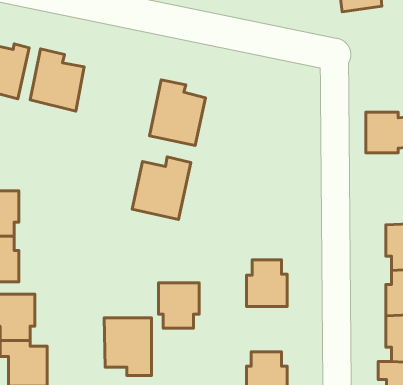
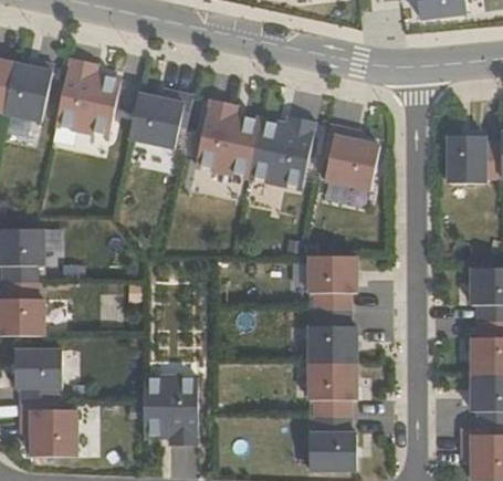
building: none -> [128,92,192,147]
building: none -> [323,126,379,191]
building: [132,157,191,219] -> [248,115,316,188]
building: none -> [307,257,355,310]
building: [158,283,199,328] -> [307,364,355,417]

